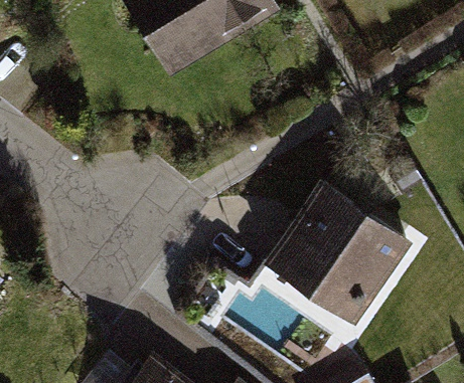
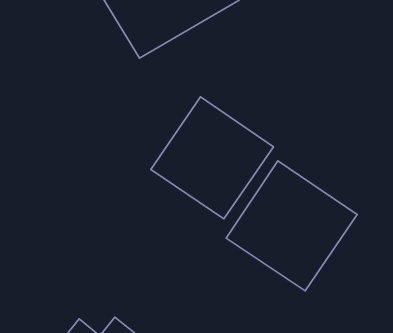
building: none -> [151,97,274,219]

